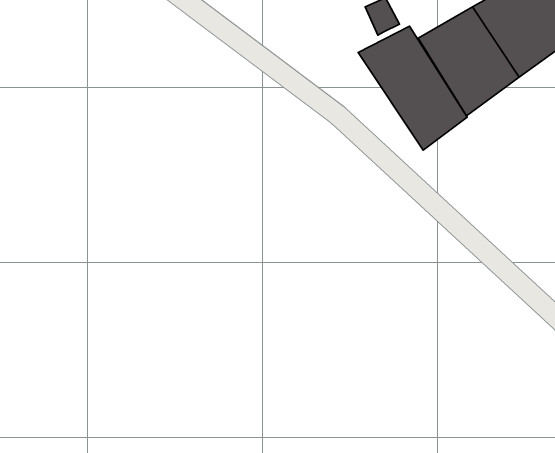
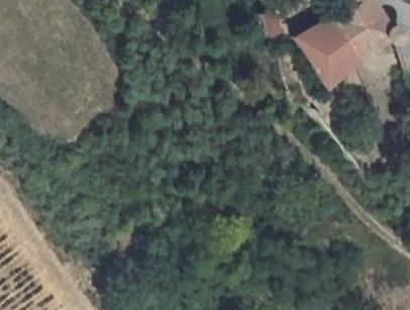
building: [358,26,467,150] -> none

